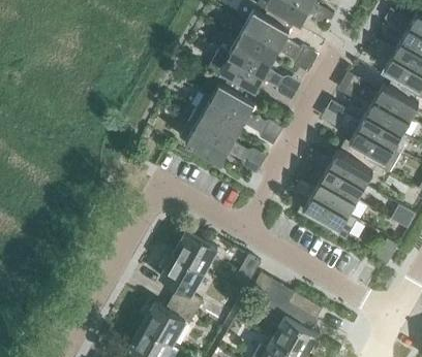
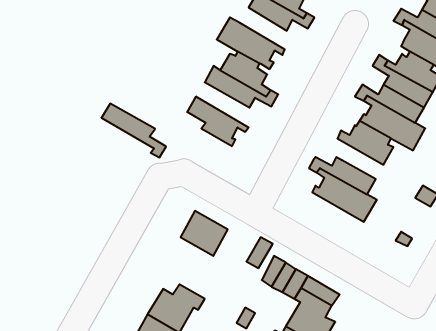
building: [229,40,282,89] -> none
building: [187,110,248,161] -> [101,104,166,157]
building: [309,152,364,201] -> none
building: [159,256,204,314] -> none

